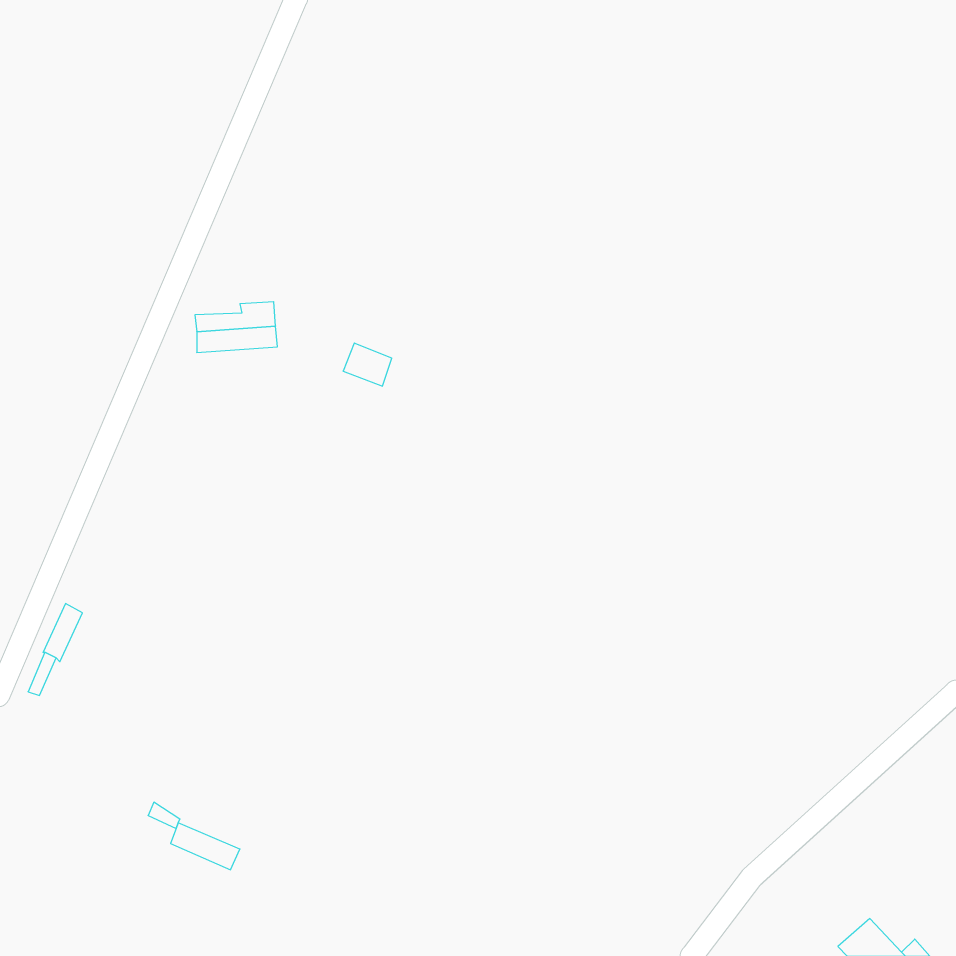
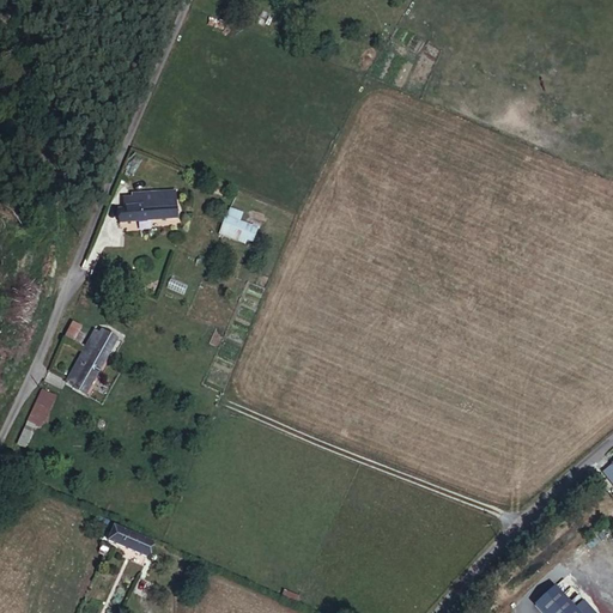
building: none -> [67,329,116,393]

